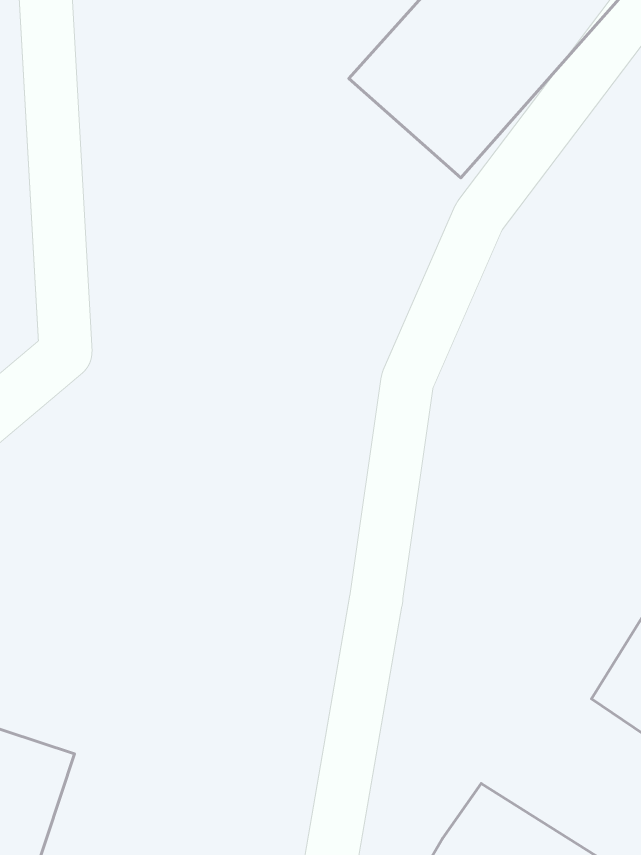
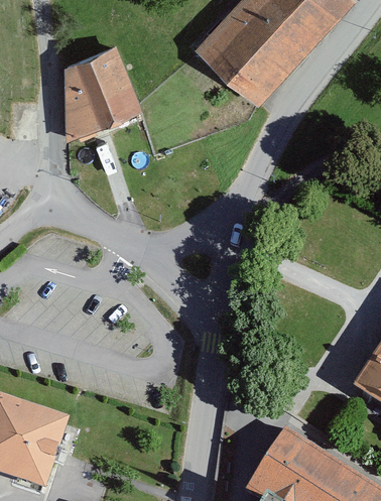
building: none -> [60,40,140,136]

